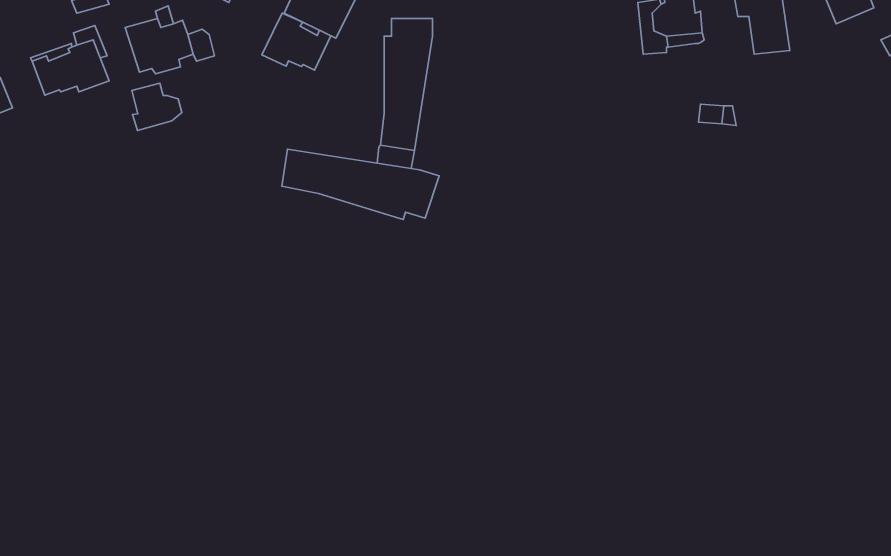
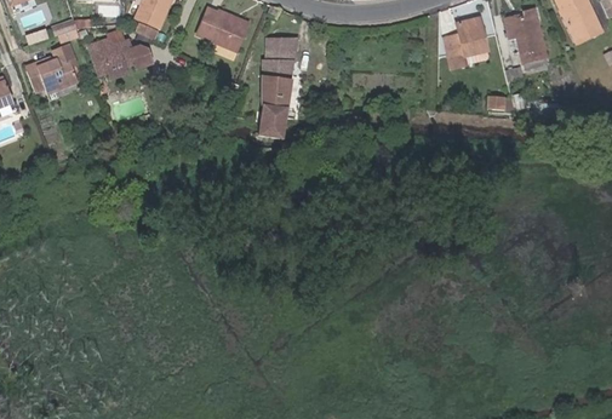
building: [262,13,331,70] -> none
building: [132,83,182,131] -> none
building: [282,149,439,220] -> none

